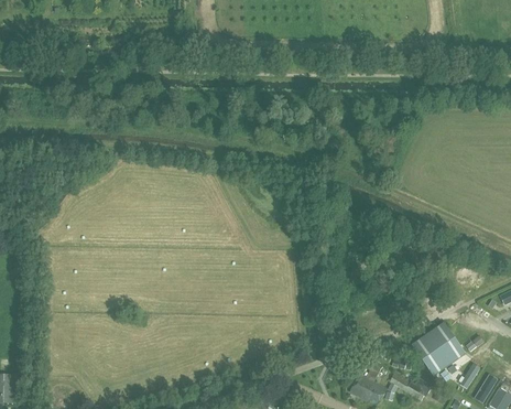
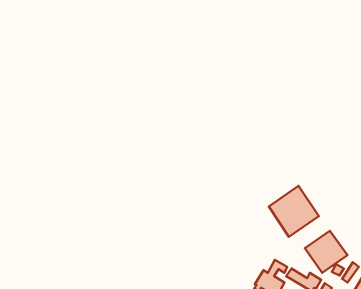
building: none -> [269,186,319,237]

